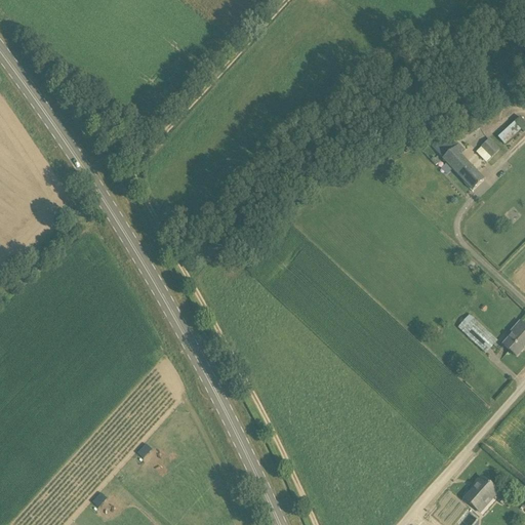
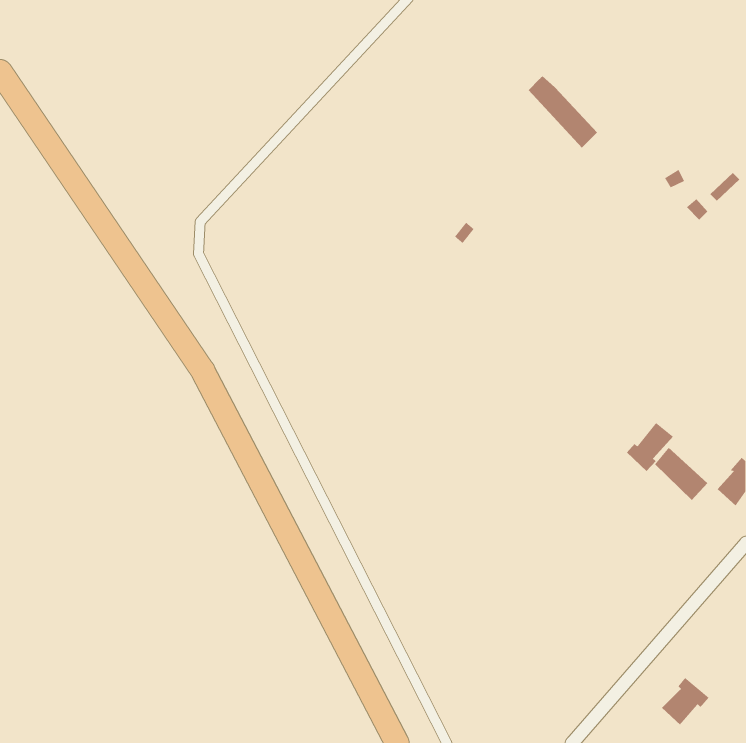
building: [435,138,484,190] -> [528,75,598,148]
building: none -> [626,422,674,472]

